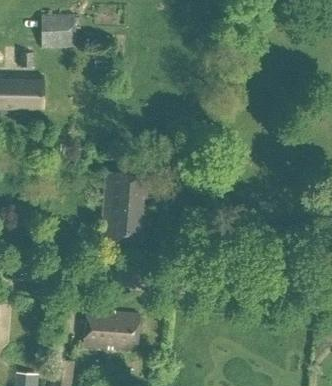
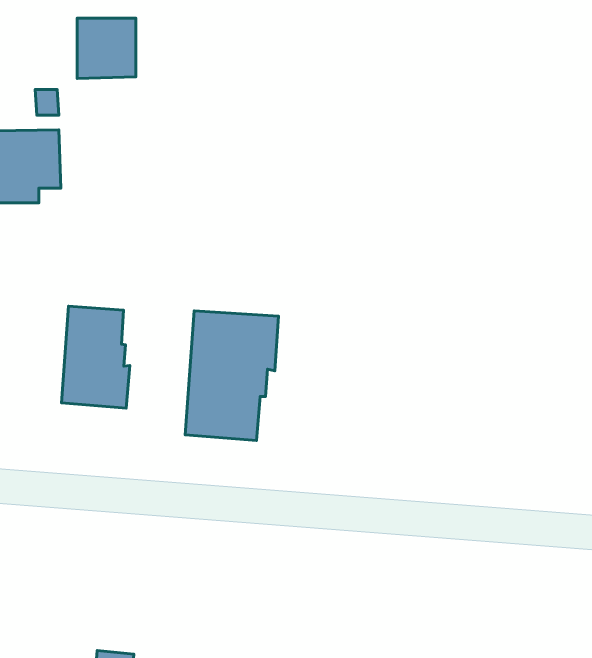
building: none -> [61,306,130,408]
building: [78,310,138,351] -> none

